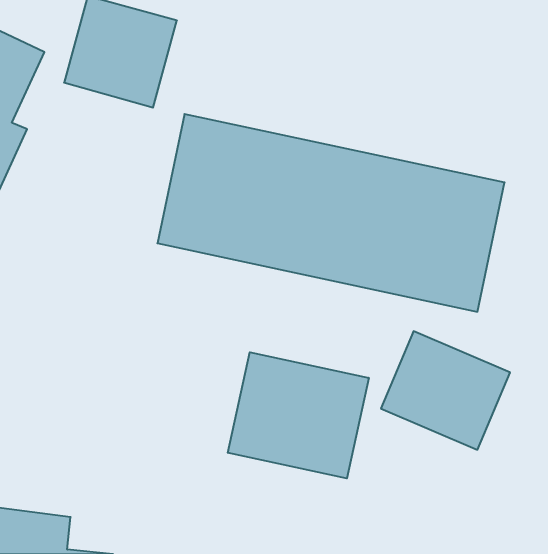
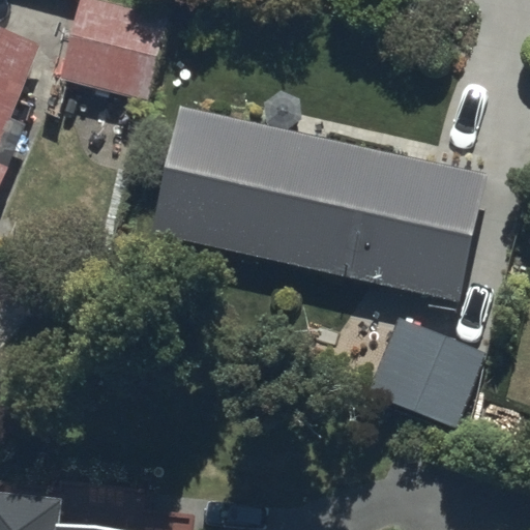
building: [228,352,369,478] -> none

